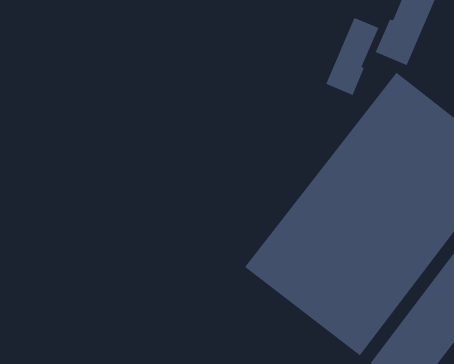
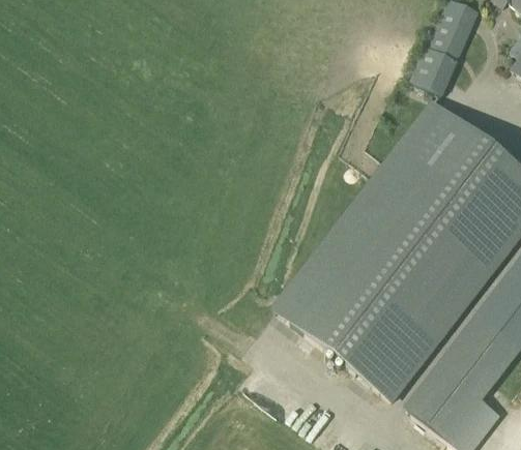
building: [325,17,379,96] -> none

